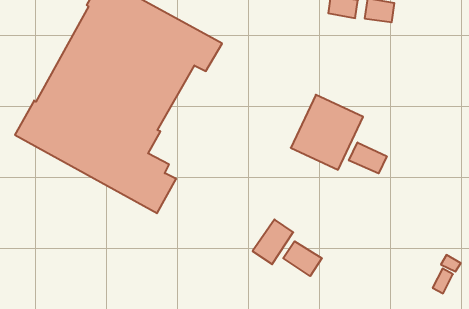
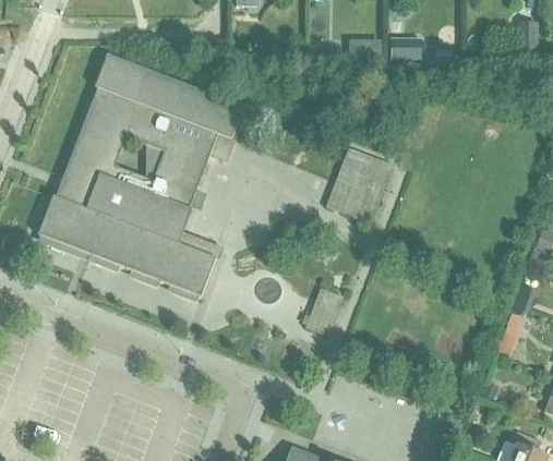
building: [349,142,387,173] -> none
building: [283,241,322,276] -> none

